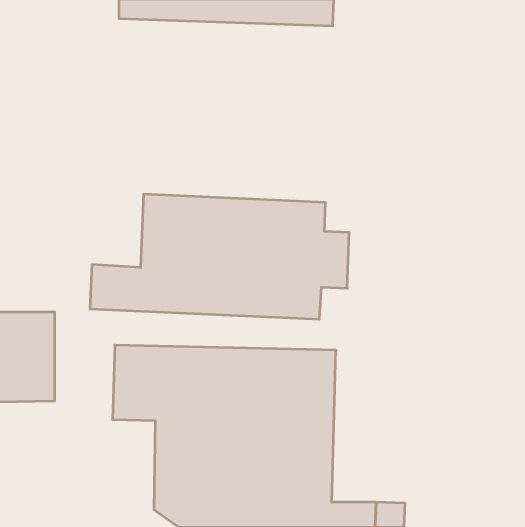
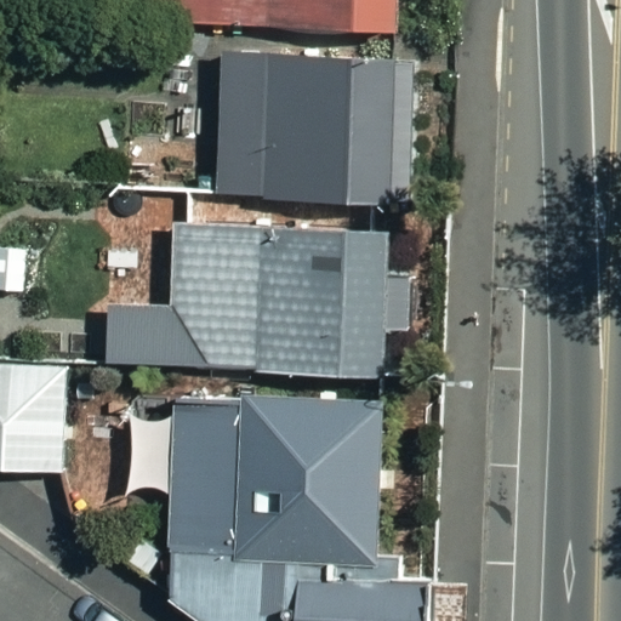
building: none -> [119,50,397,204]

